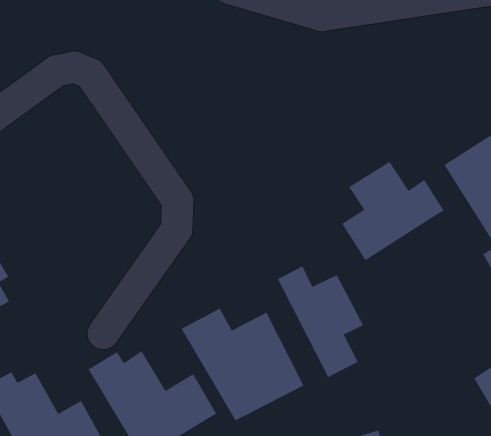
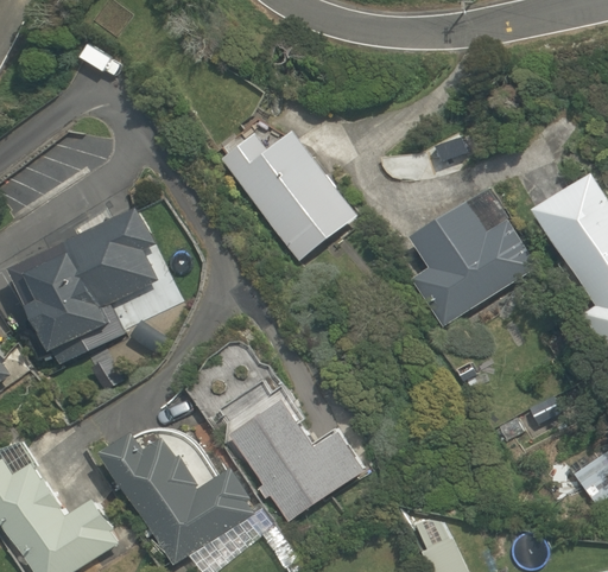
building: none -> [224,131,367,267]
building: none -> [13,203,151,362]
building: [277,265,364,378] -> none

